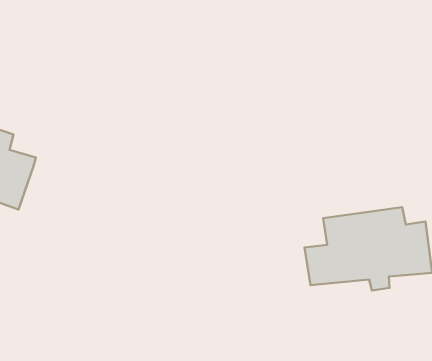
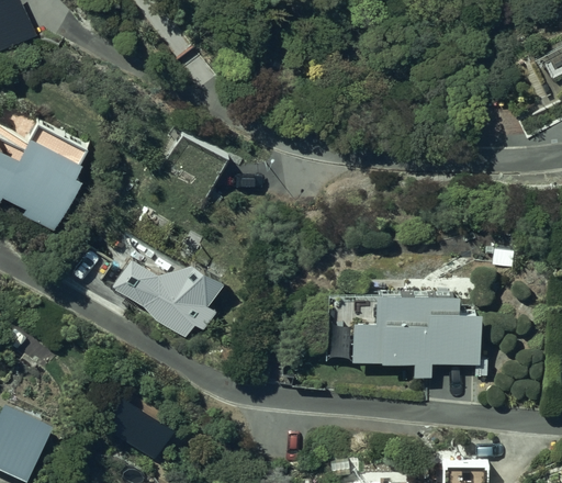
building: none -> [100,232,222,335]

